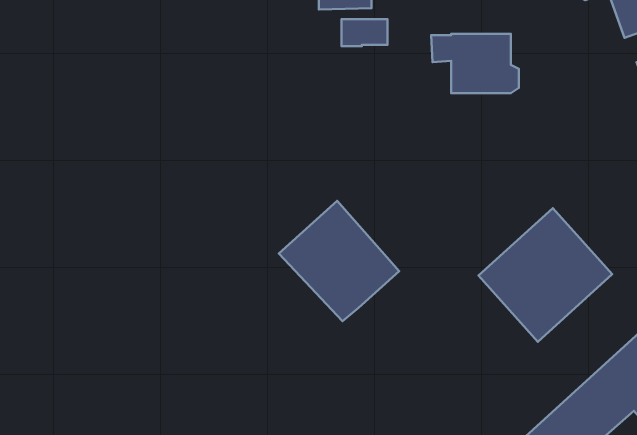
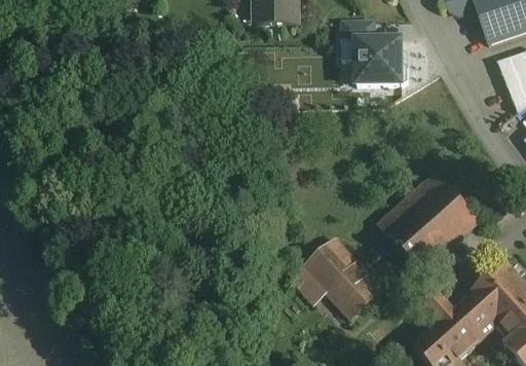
building: [342,19,388,46] -> [341,21,376,41]
building: [279,201,399,321] -> [291,237,382,329]

